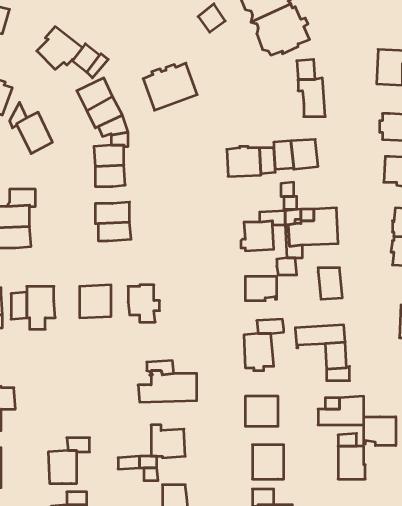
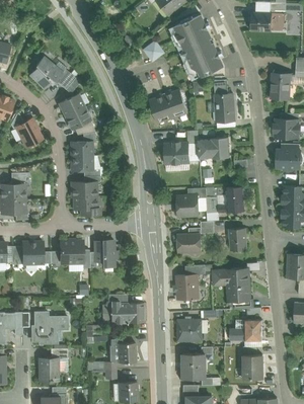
building: [143,63,197,110] -> [149,89,187,123]
building: none -> [31,312,66,342]
building: [364,417,396,446] -> none

